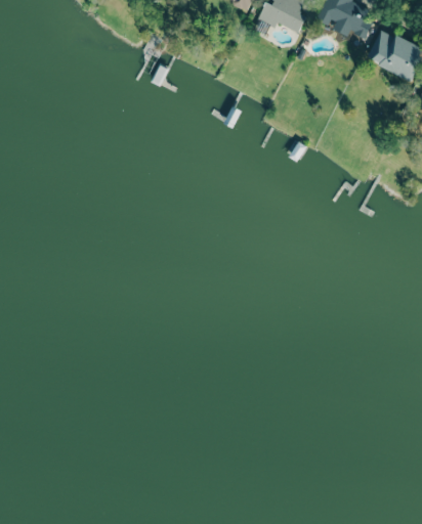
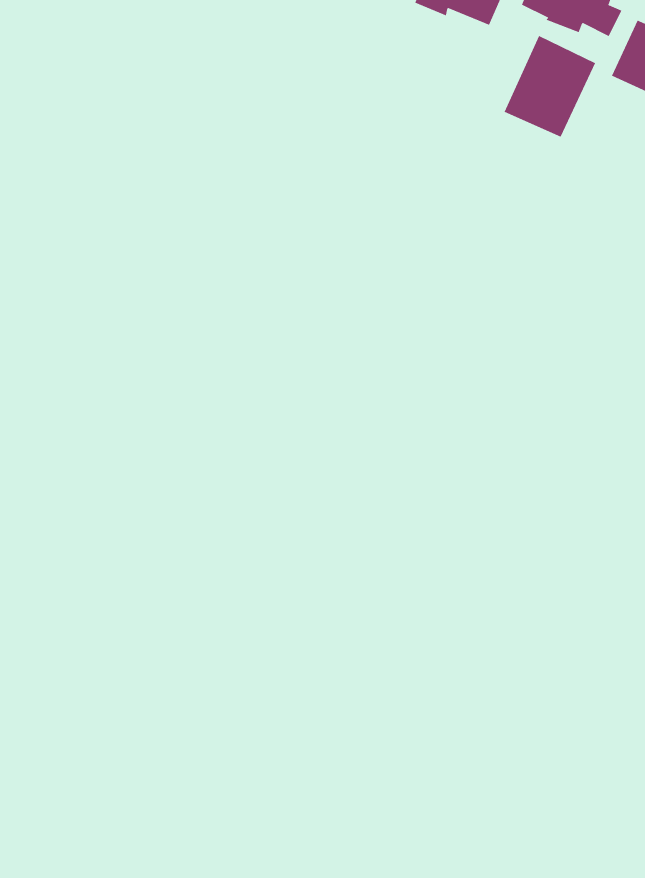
building: none -> [504,35,596,138]

